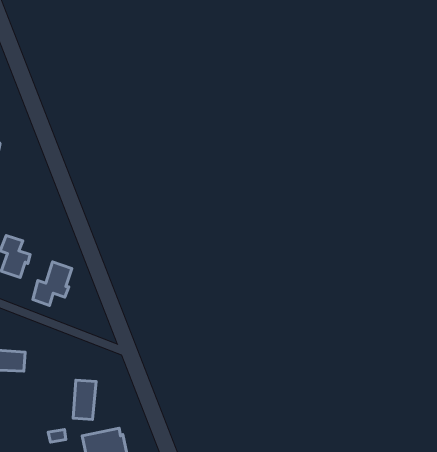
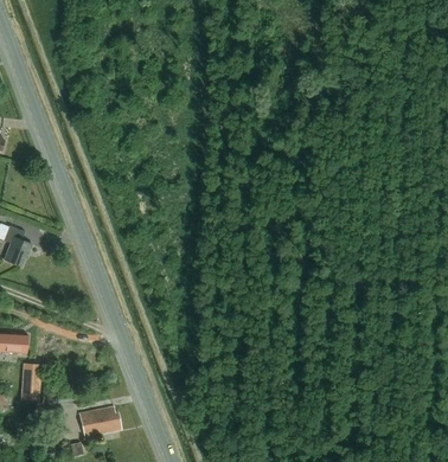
building: [33,262,72,306] -> none
building: [73,380,96,420] -> [20,362,41,399]

